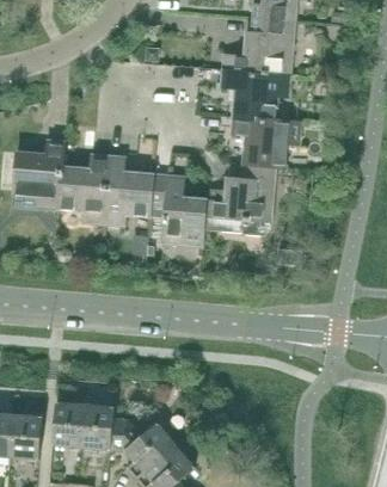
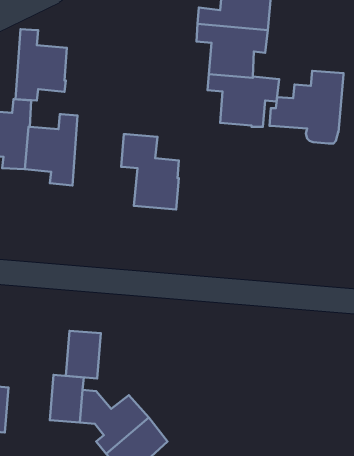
building: [104,158,153,226] -> [16,29,67,100]
building: [204,165,275,234] -> [270,71,343,143]
building: [53,402,86,448] -> [66,331,101,378]

